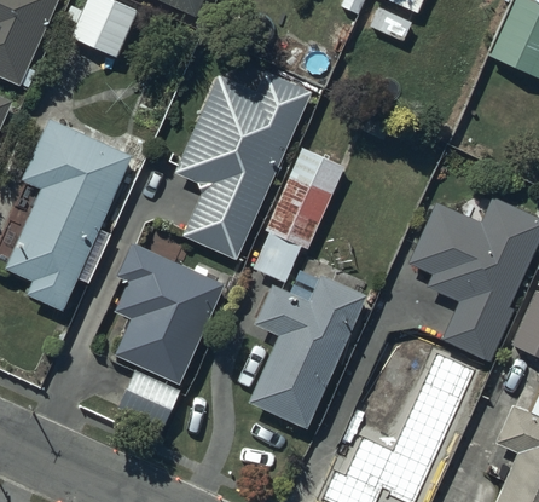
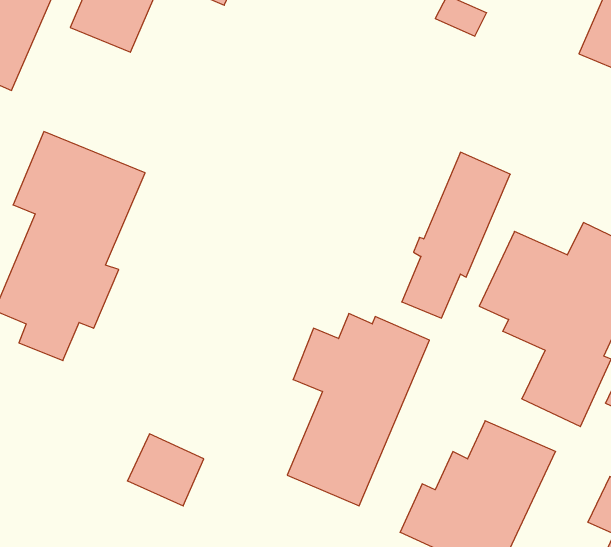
building: [174,68,314,262] -> none
building: [254,148,343,284] -> [402,152,510,318]
building: [112,241,225,385] -> none

